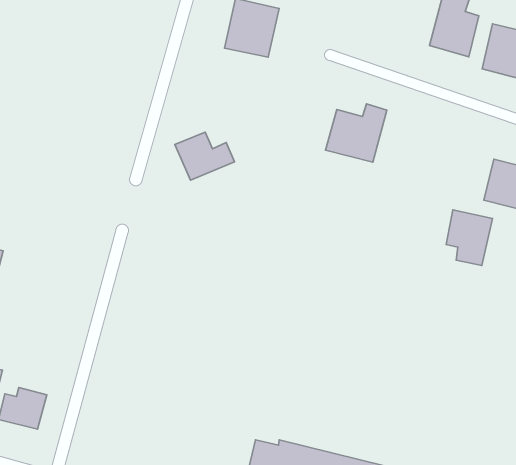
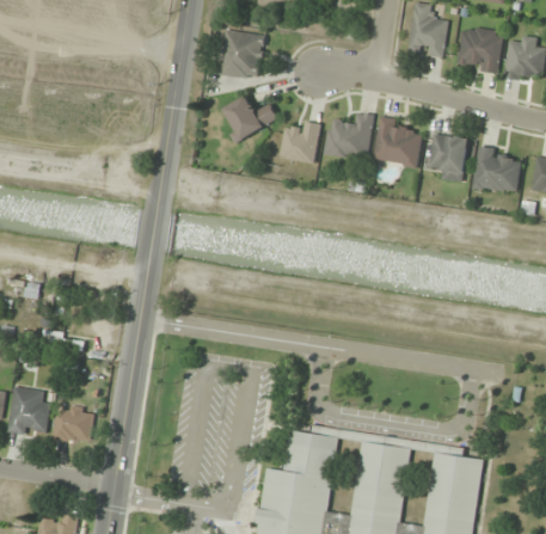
building: none -> [280,121,320,164]
building: none -> [372,116,423,170]
building: [175,132,234,180] -> [221,96,277,141]
building: [446,210,493,266] -> [429,134,468,182]

